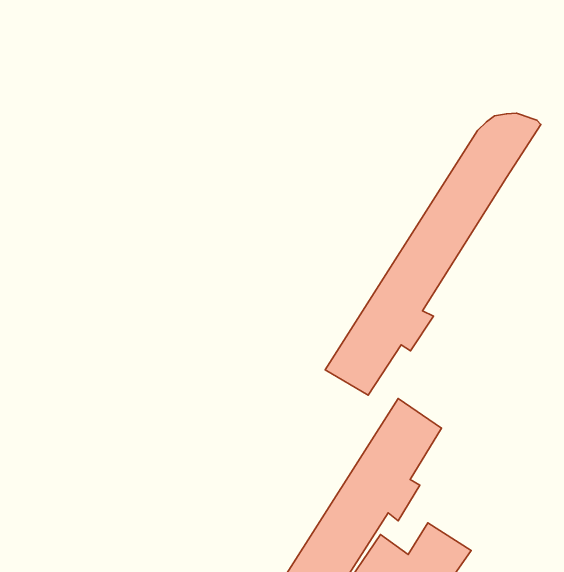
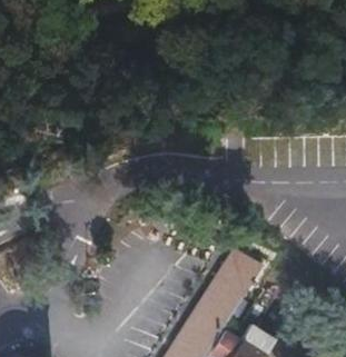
building: [325,113,541,395] -> none

